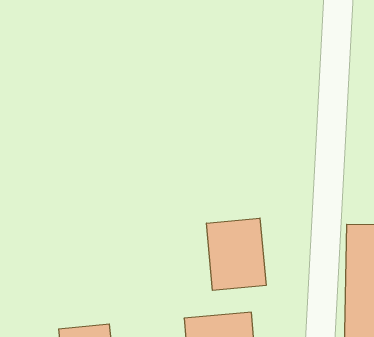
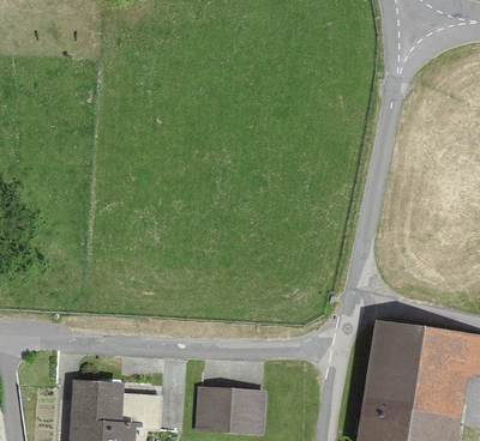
building: [207,218,266,290] -> none

